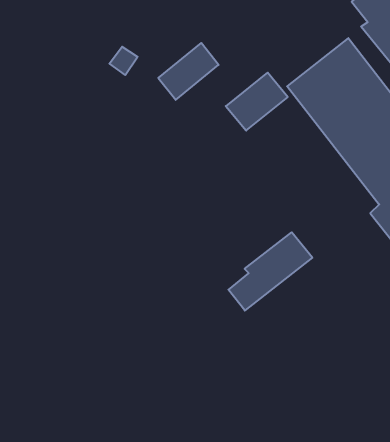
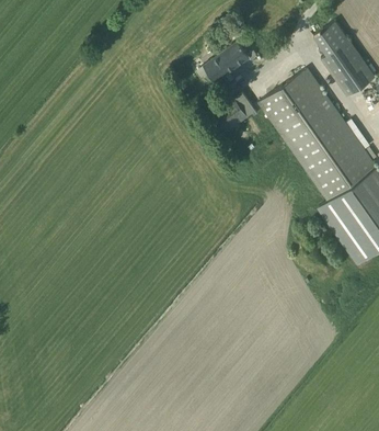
building: [158,43,219,100] -> [204,39,253,84]
building: [228,232,312,311] -> none

